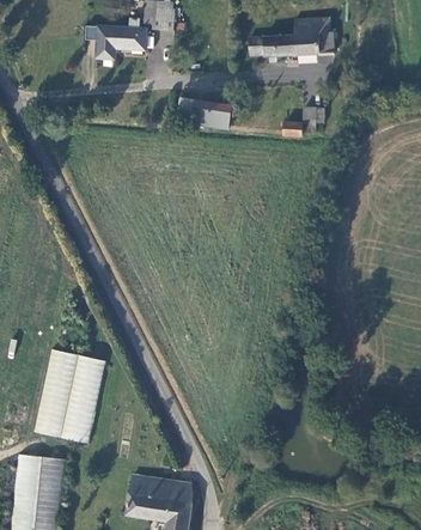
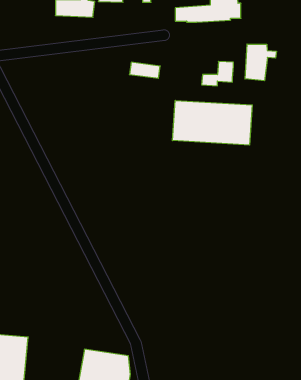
building: none -> [245,44,276,81]
building: none -> [172,100,252,145]
building: [32,349,104,444] -> none

